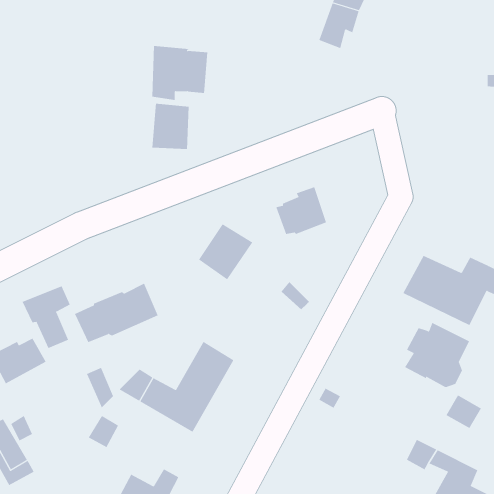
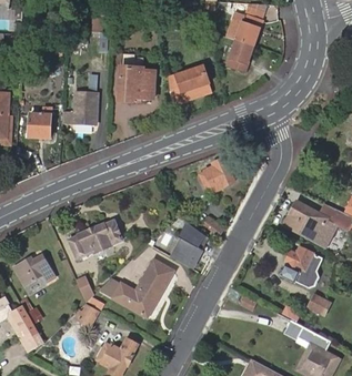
building: none -> [174,64,208,87]
building: [152,103,189,150] -> [74,93,99,123]
building: none -> [29,112,52,136]
building: [198,223,253,280] -> [172,232,208,268]
building: [22,285,70,349] -> none

